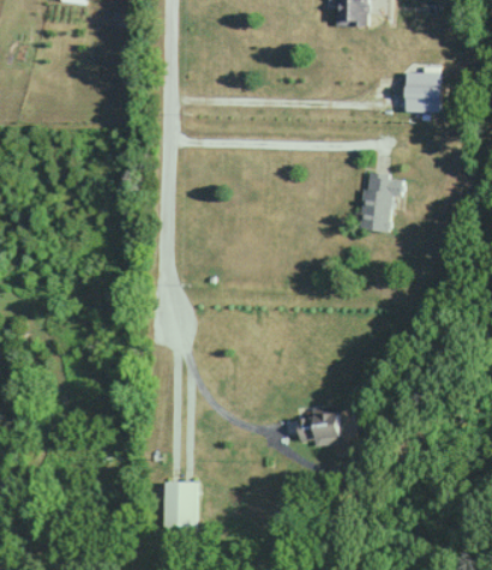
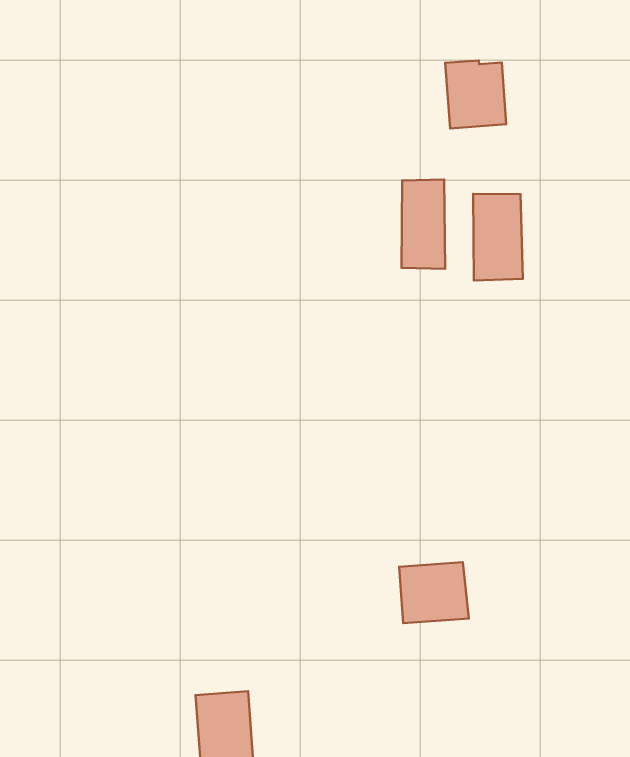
building: [406,70,442,112] -> [445,60,506,128]
building: none -> [401,179,445,269]

